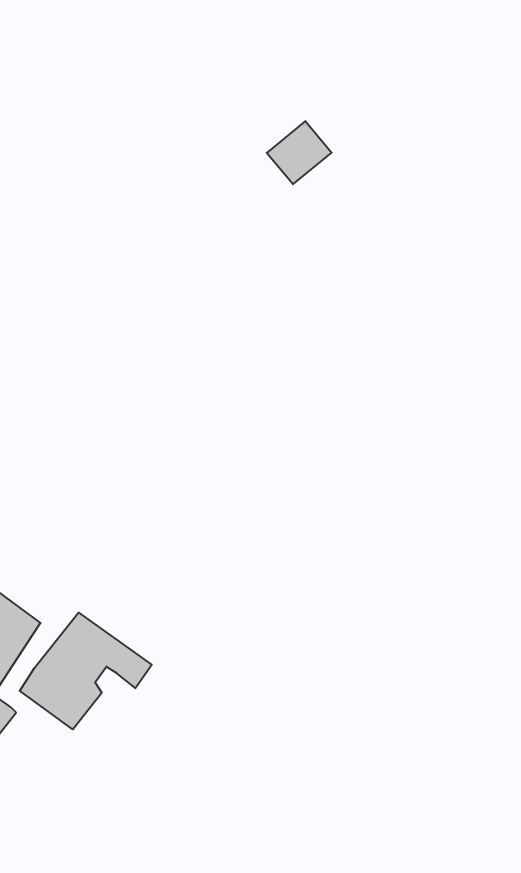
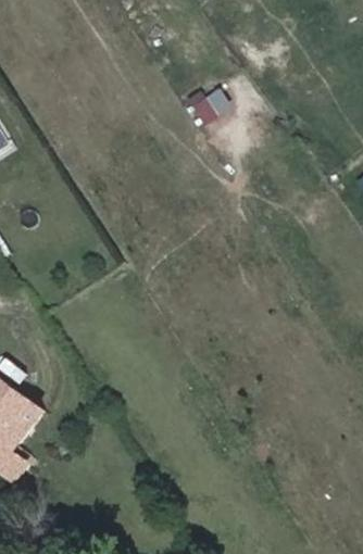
building: [20,613,152,729] -> none

